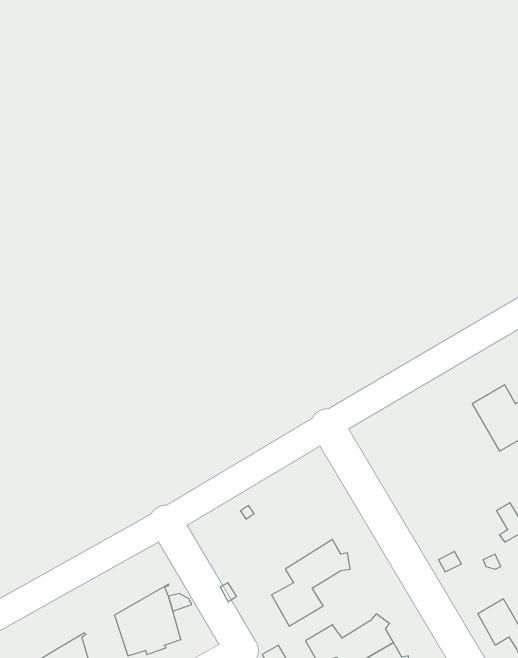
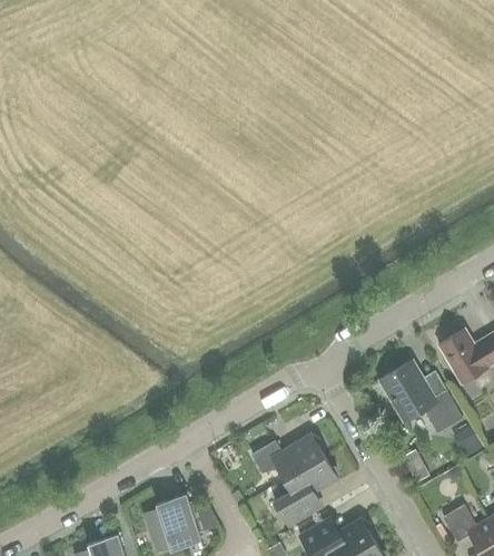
building: none -> [382,361,463,432]
building: none -> [251,431,324,479]

